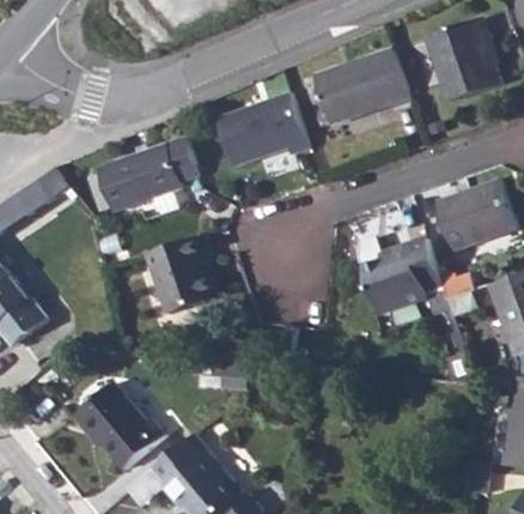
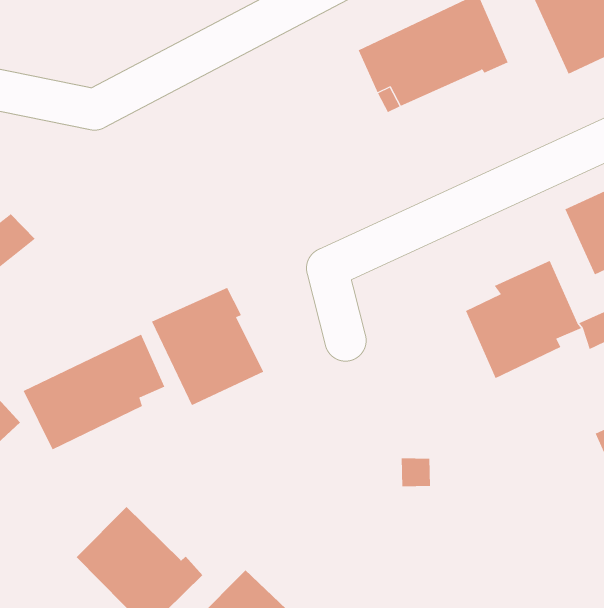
building: [217,93,309,169] -> none
building: [98,139,197,214] -> [23,334,165,450]

